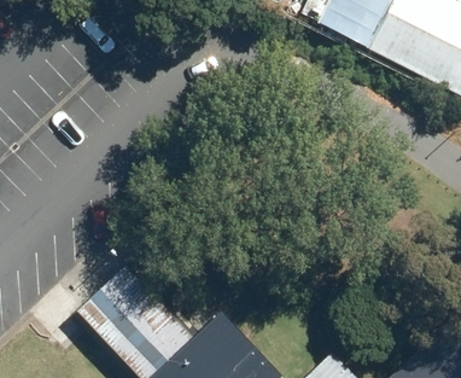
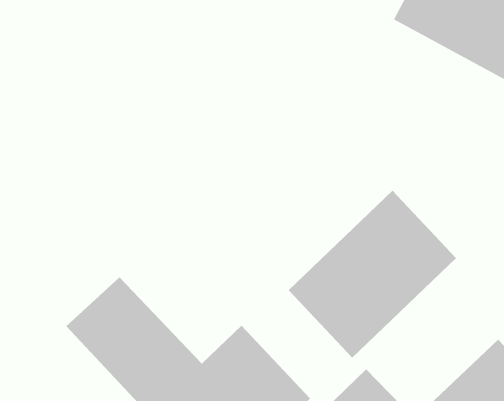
building: none -> [288,190,457,358]

